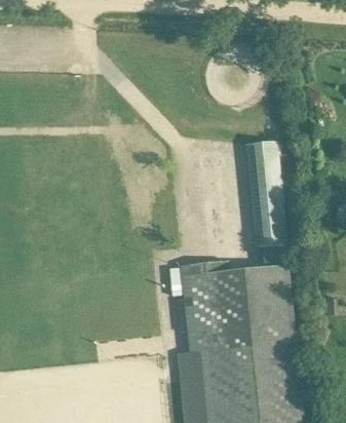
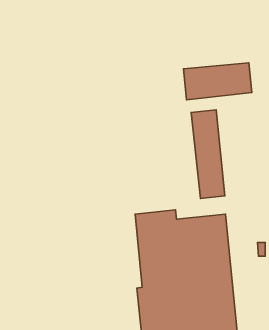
building: none -> [183,63,252,100]

